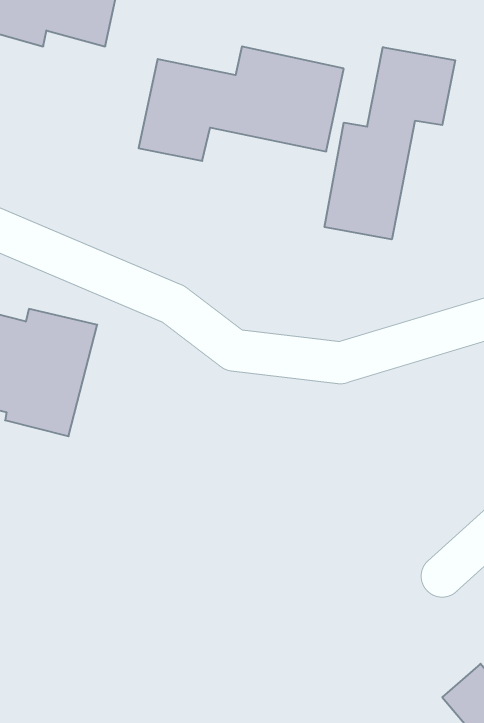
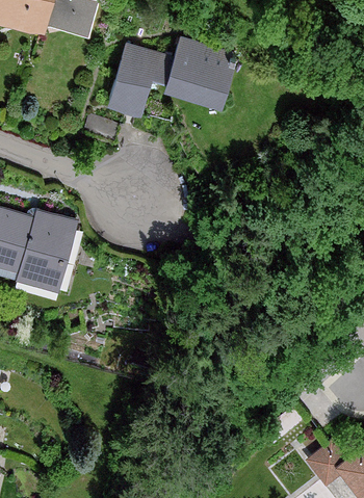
building: [325,47,455,239] -> none

